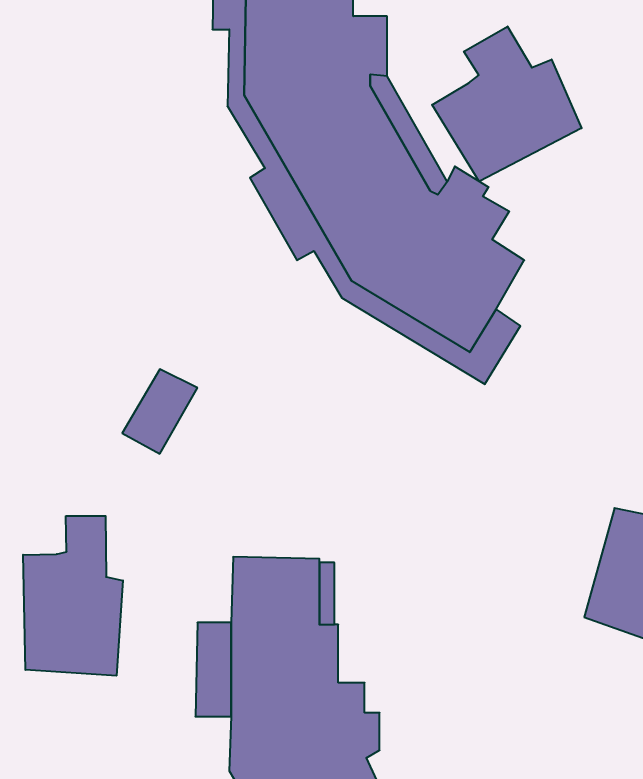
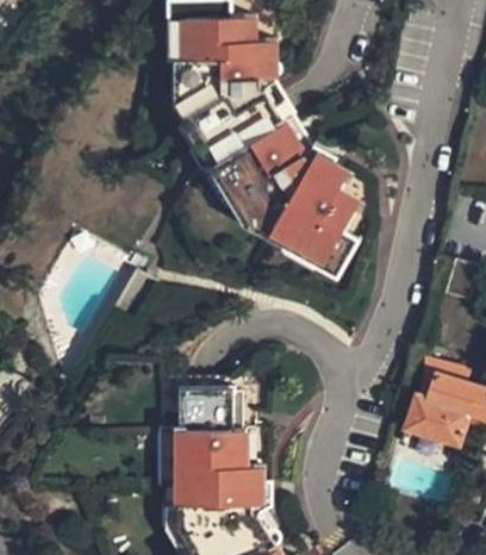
building: [432,26,582,181] -> none
building: [23,516,123,676] -> none

